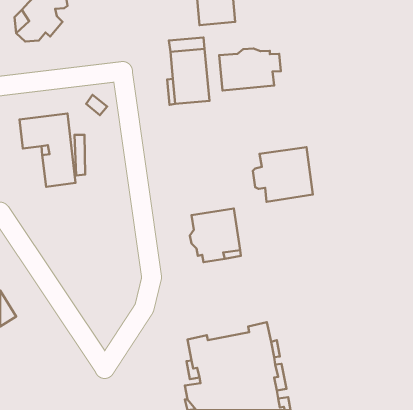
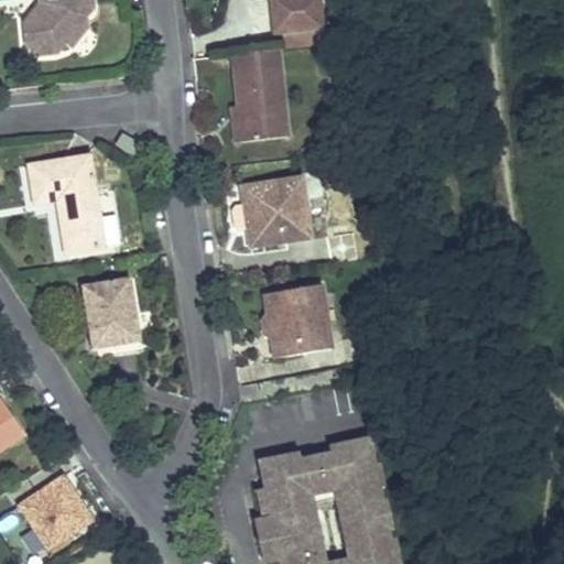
building: [219,48,281,90] -> none
building: [253,147,313,202] -> [230,174,312,248]
building: none -> [77,279,149,358]
building: none -> [28,475,91,542]

